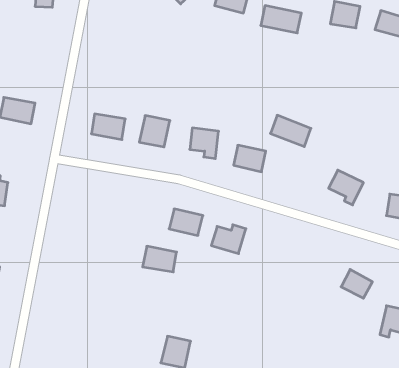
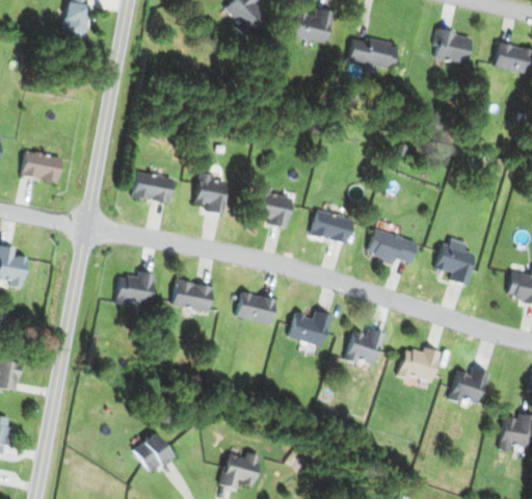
building: [270,115,311,147] -> [368,228,419,267]
building: none -> [117,271,156,308]
building: none -> [342,327,382,367]
building: [143,246,177,272] -> [170,280,213,312]
building: none -> [398,345,440,382]
building: none -> [134,431,176,472]

